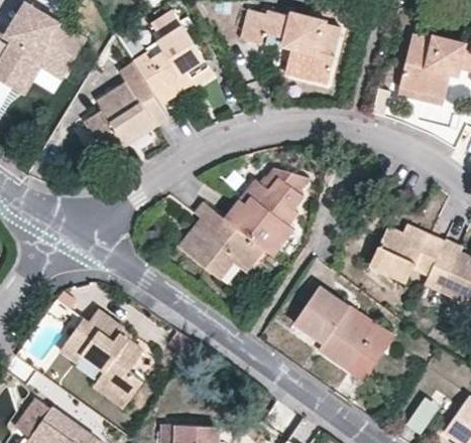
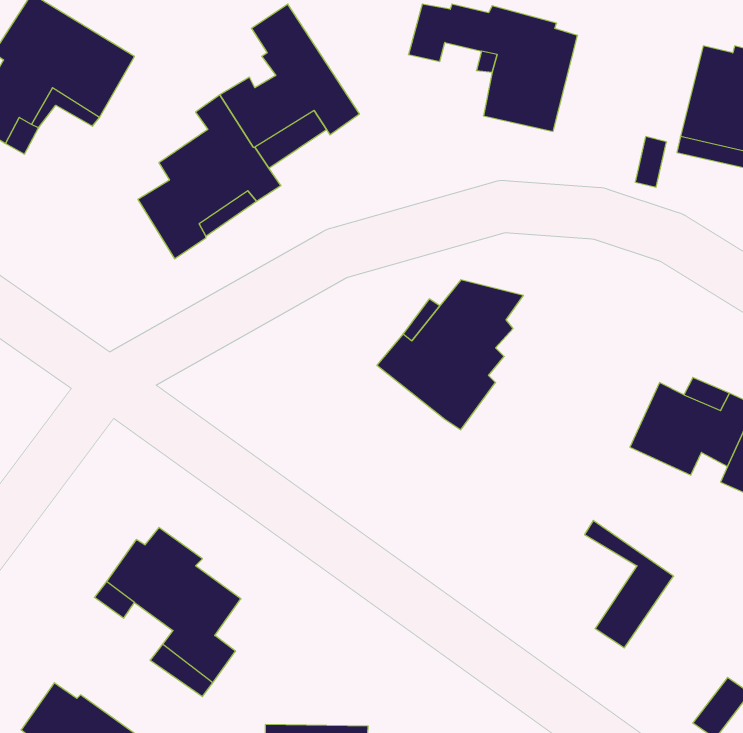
building: [181,201,263,278] -> none
building: [295,288,374,370] -> none

